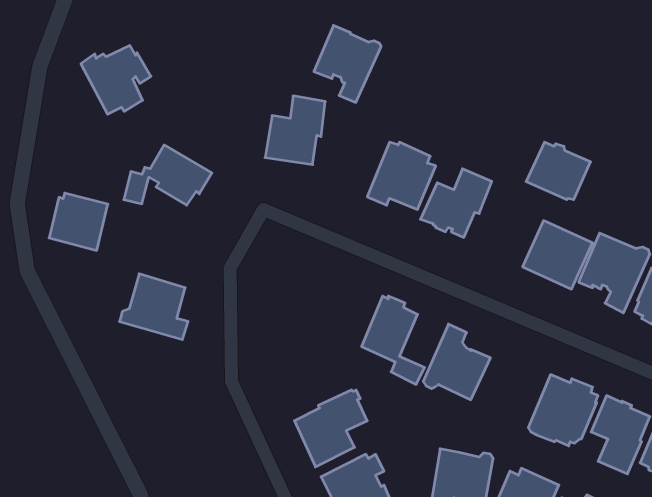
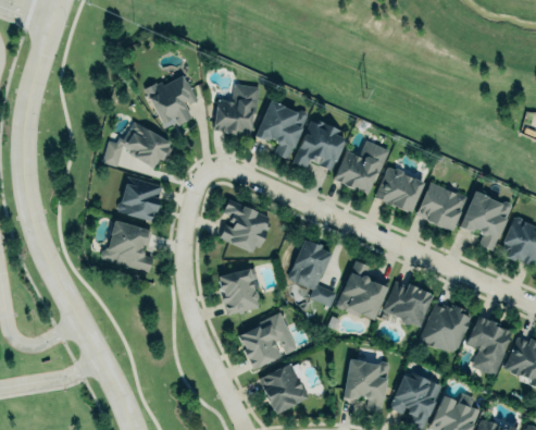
building: [314,25,381,102] -> [257,98,309,158]
building: [81,46,151,114] -> [146,75,200,128]
building: [526,142,591,200] -> [375,167,425,211]
building: [49,193,108,250] -> [119,179,164,223]
building: none -> [220,200,272,256]
building: none -> [221,268,261,315]
building: none -> [383,279,435,328]

